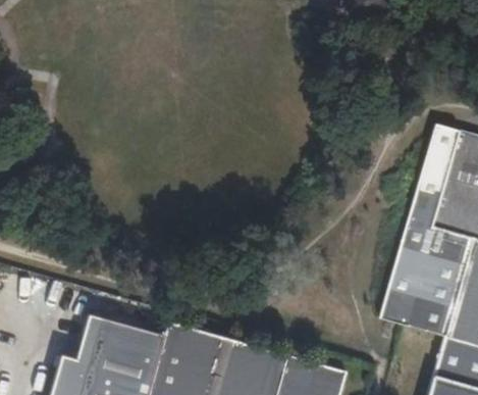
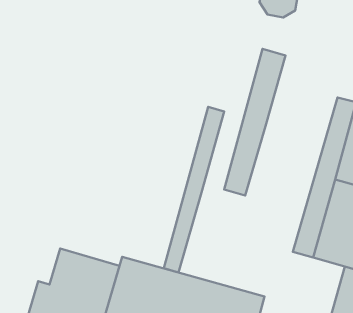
building: none -> [224,49,285,196]
building: none -> [164,107,224,273]

